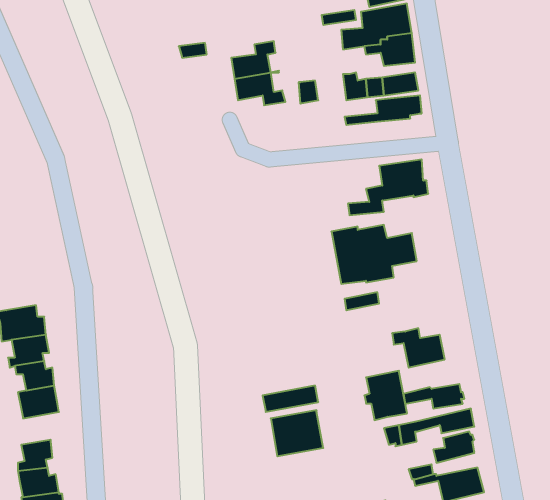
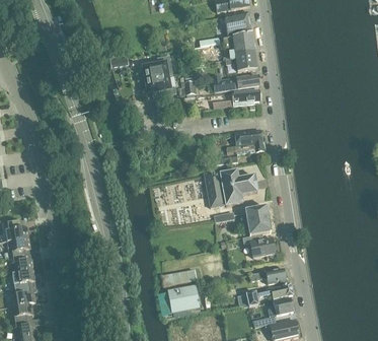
building: [364,371,407,420] -> [245,205,272,235]
building: none -> [11,285,39,305]

